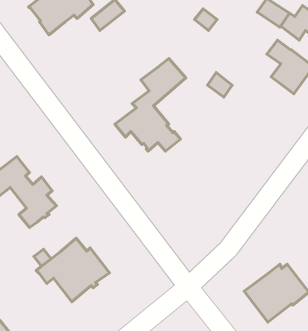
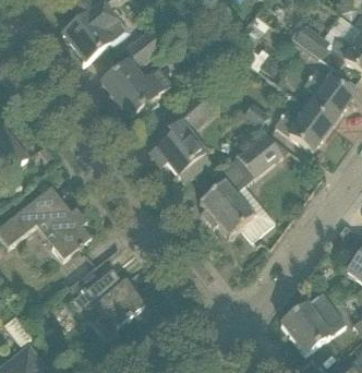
building: none -> [101,62,172,117]
building: none -> [276,105,331,151]
building: none -> [200,133,283,239]

